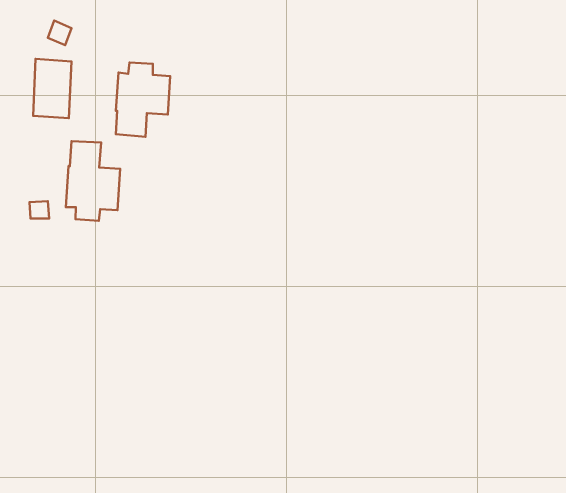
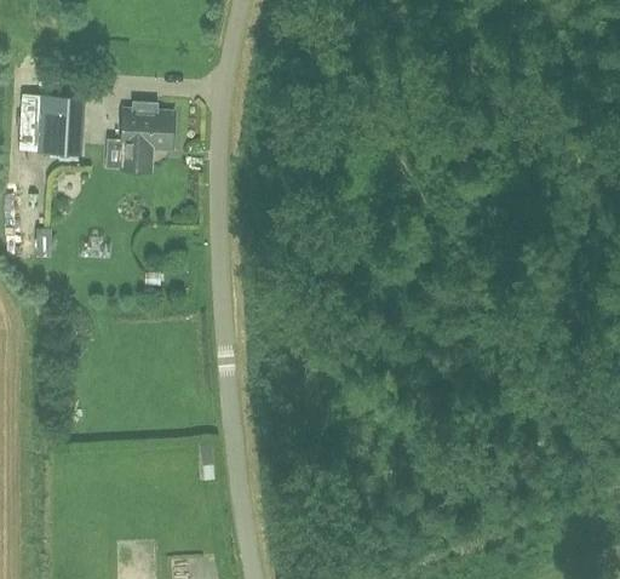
building: [66,141,120,221] -> none

